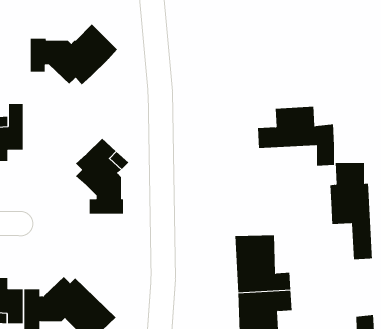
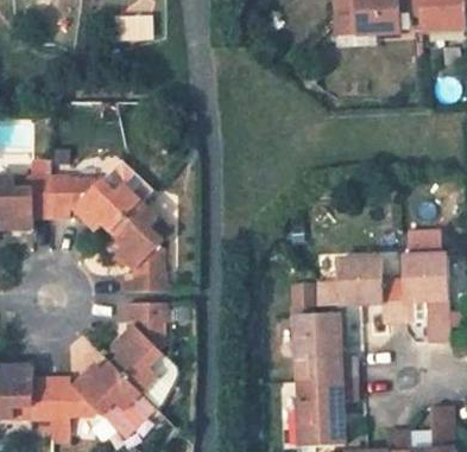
building: [30,24,118,86] -> [49,161,150,233]
building: [257,106,335,166] -> [314,257,403,326]
building: none -> [108,304,176,409]

